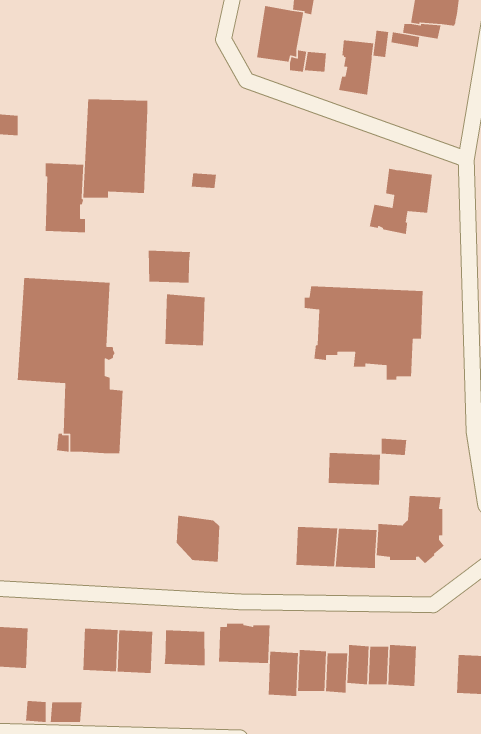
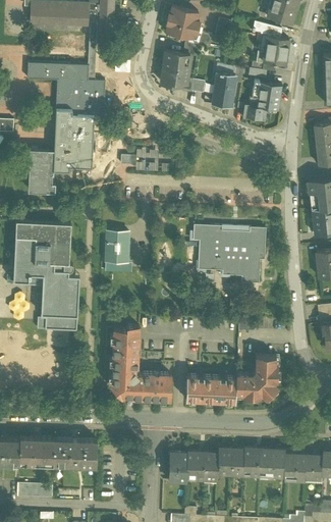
building: none -> [27,63,105,116]
building: [369,168,433,235] -> [241,81,281,122]
building: [148,250,191,283] -> none
building: none -> [112,326,139,371]
building: [328,452,381,486] -> none
building: [218,623,270,664] -> [137,373,170,399]
building: none -> [18,437,54,465]
building: [164,630,205,666] -> none
building: none -> [260,450,286,476]

